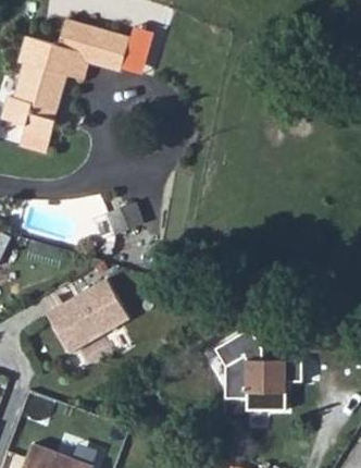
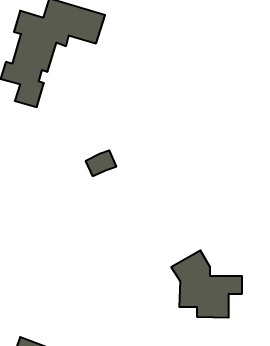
building: [48,278,129,353] -> none

